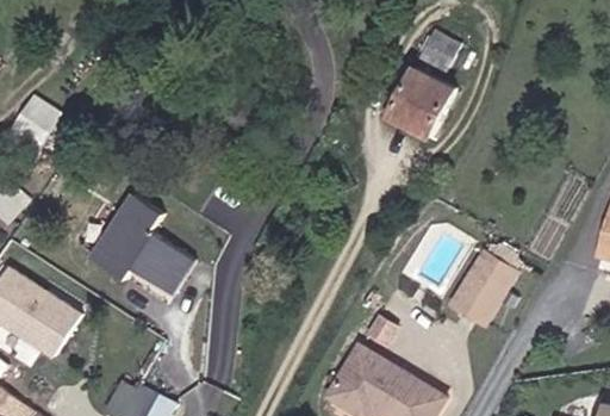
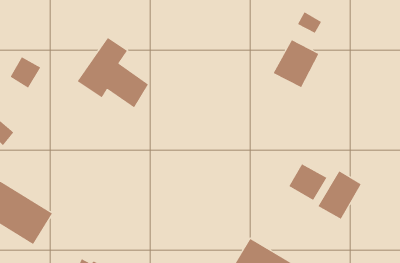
building: [88,193,189,293] -> [77,37,149,108]
building: none -> [288,164,327,201]

